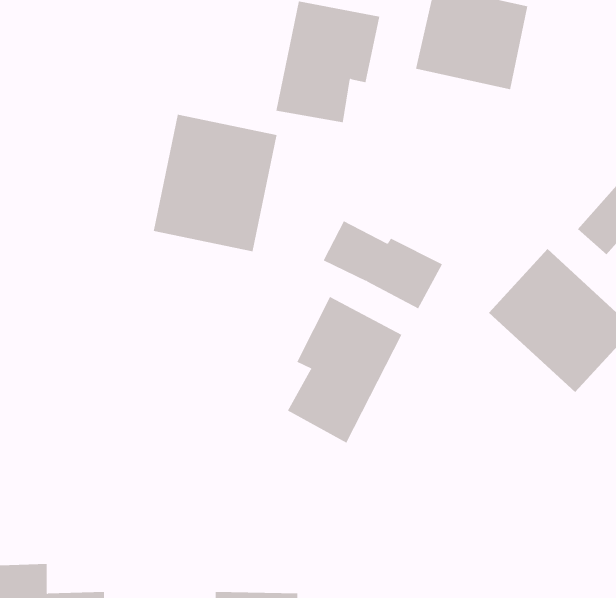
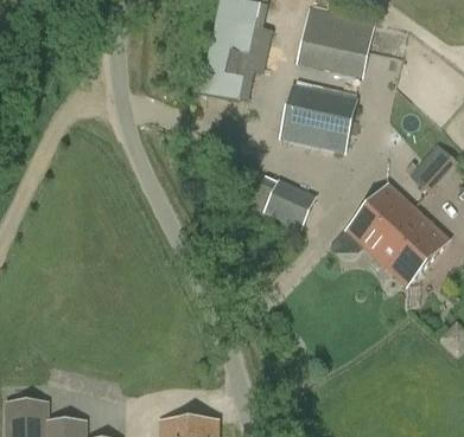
building: none -> [280,84,356,150]
building: [153,114,277,252] -> none
building: [287,296,402,443] -> none

